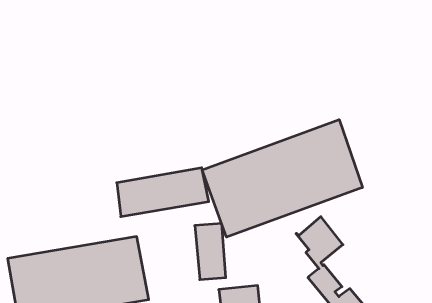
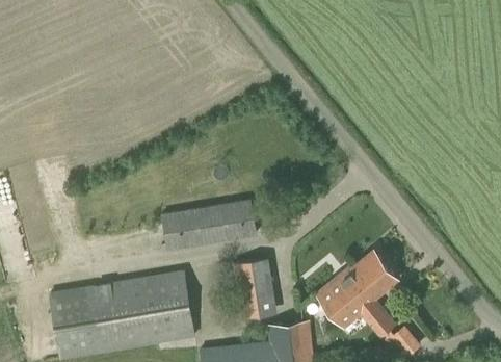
building: [202,120,362,237] -> none
building: none -> [316,268,371,328]

